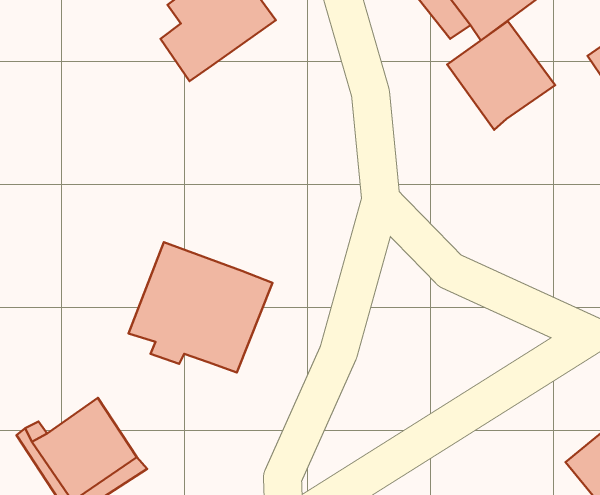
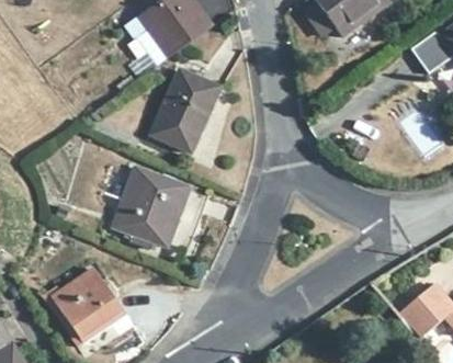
building: [447,21,555,130] -> none
building: none -> [151,70,217,150]

